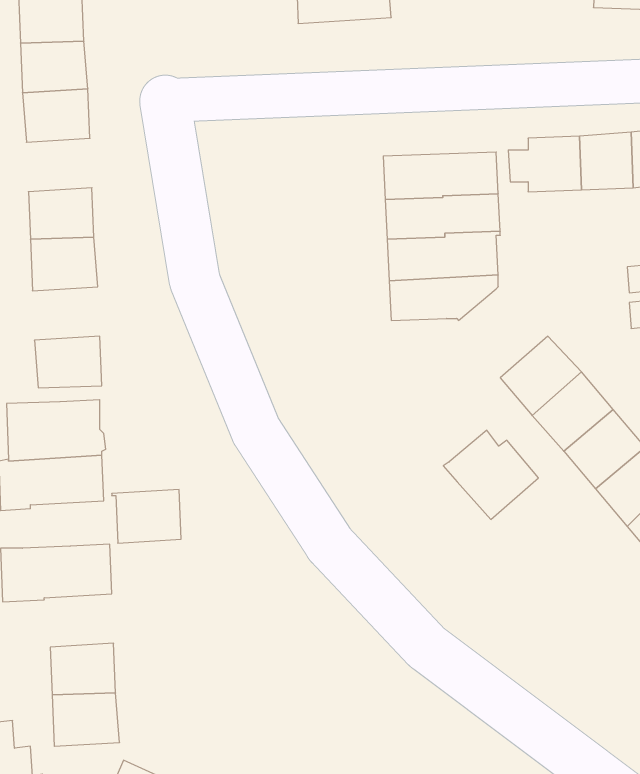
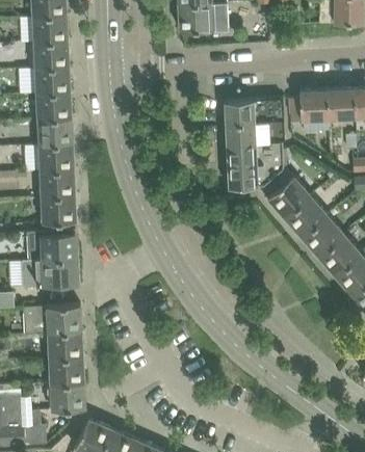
building: none -> [36,92,71,121]
building: none -> [40,170,75,198]
building: [443,430,538,519] -> [260,171,310,218]
building: [112,490,181,543] -> [46,331,82,360]

